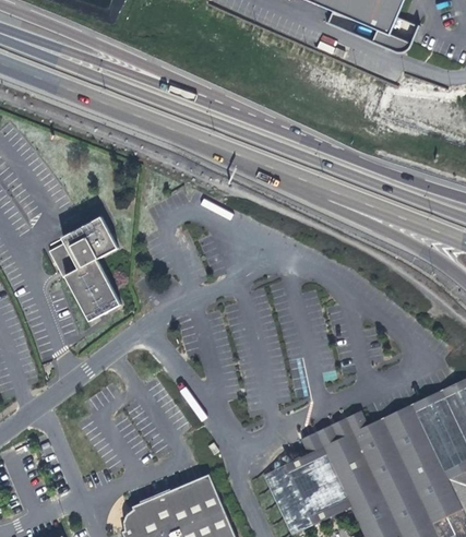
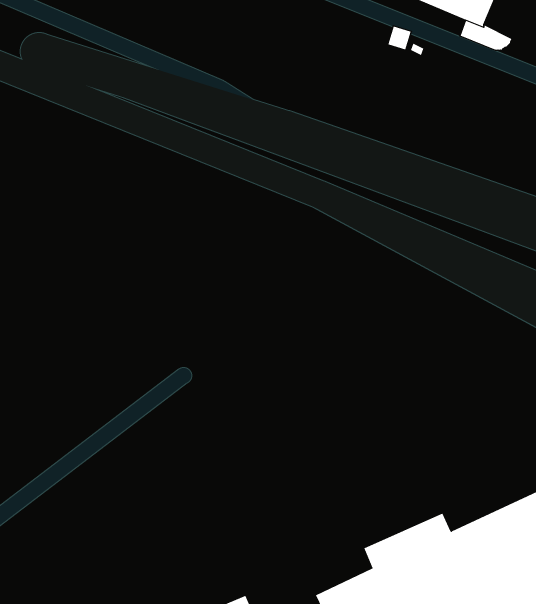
building: [48,216,120,321] -> none

